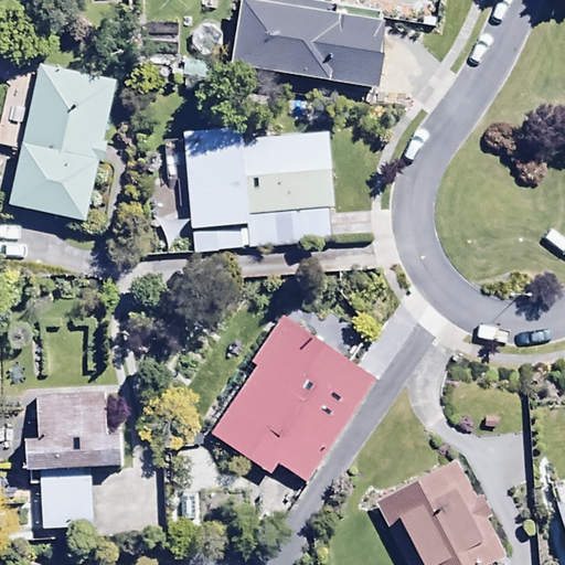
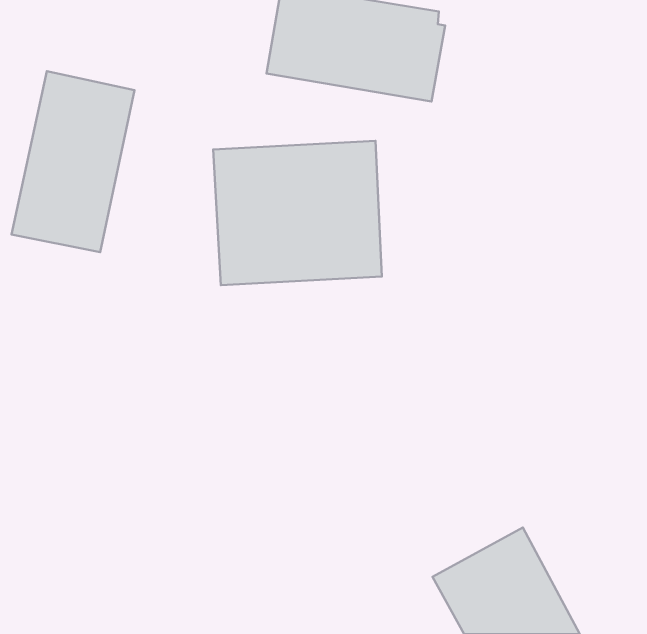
building: [212,316,374,480] -> none
building: [26,391,125,524] -> none

